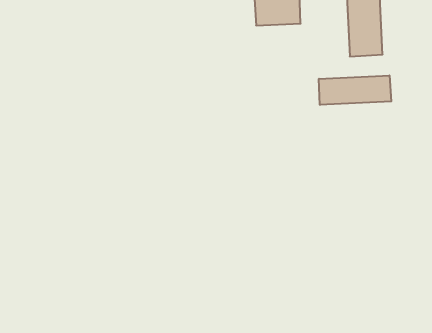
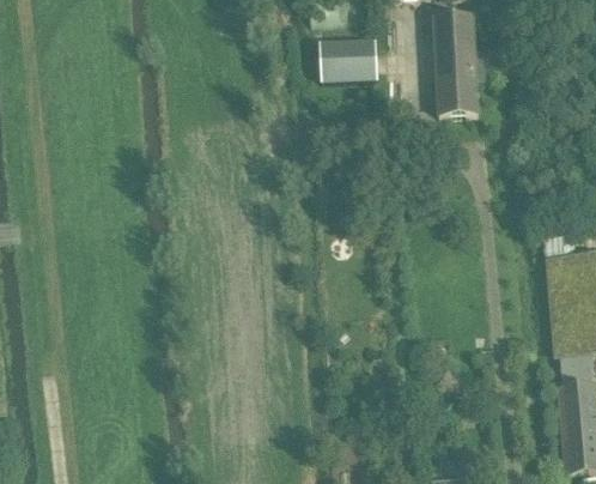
building: [319,75,391,105] -> none

